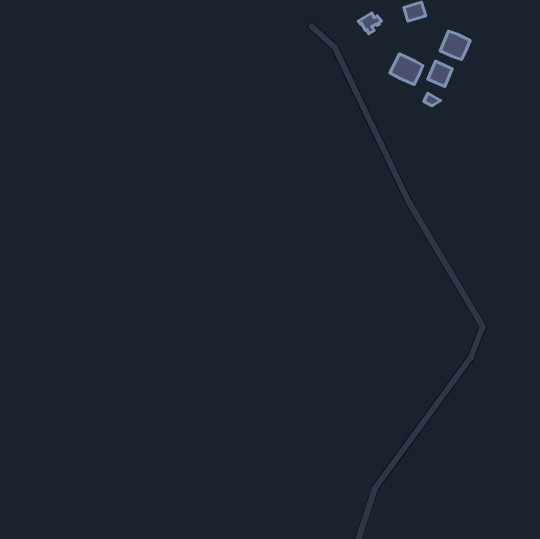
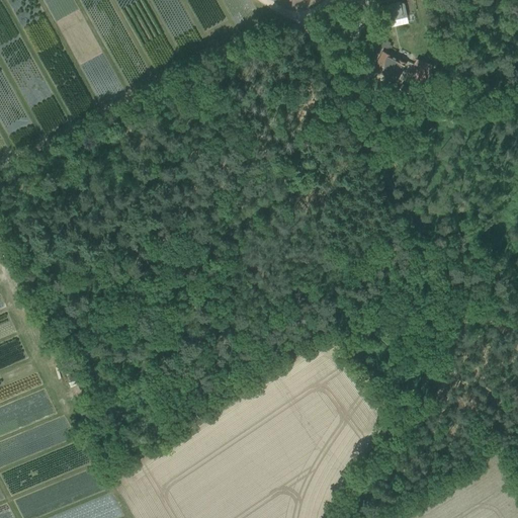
building: [440,31,470,60] -> none

